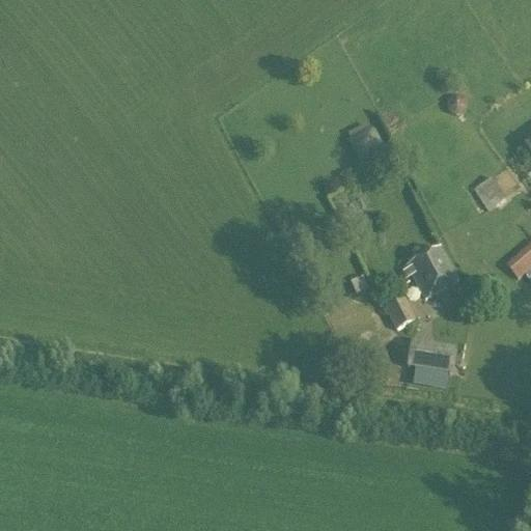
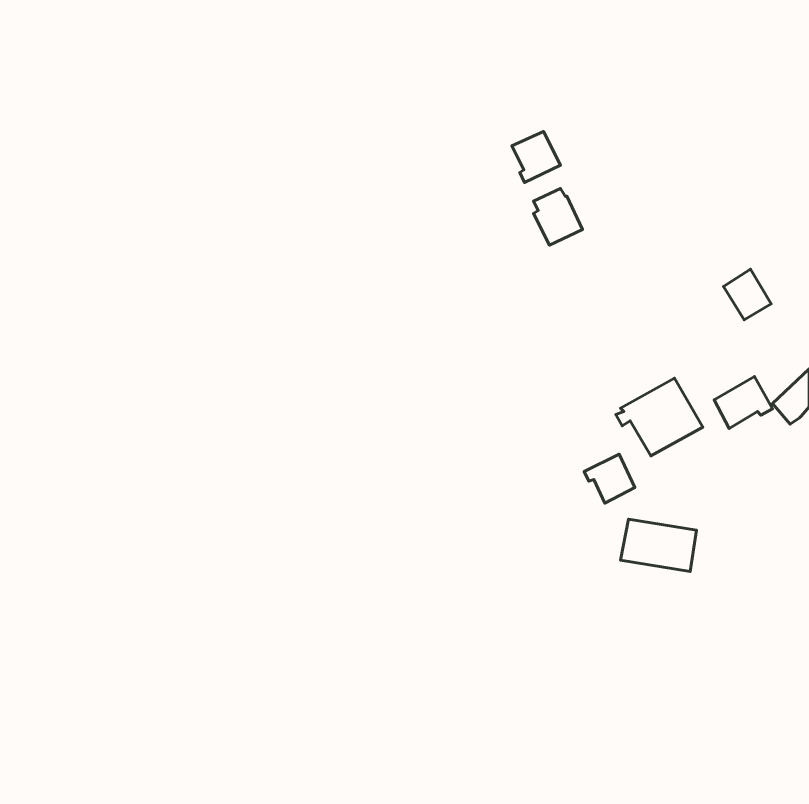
building: none -> [512,131,560,182]
building: none -> [714,376,772,428]

